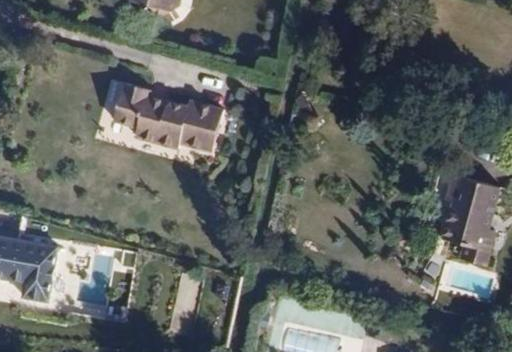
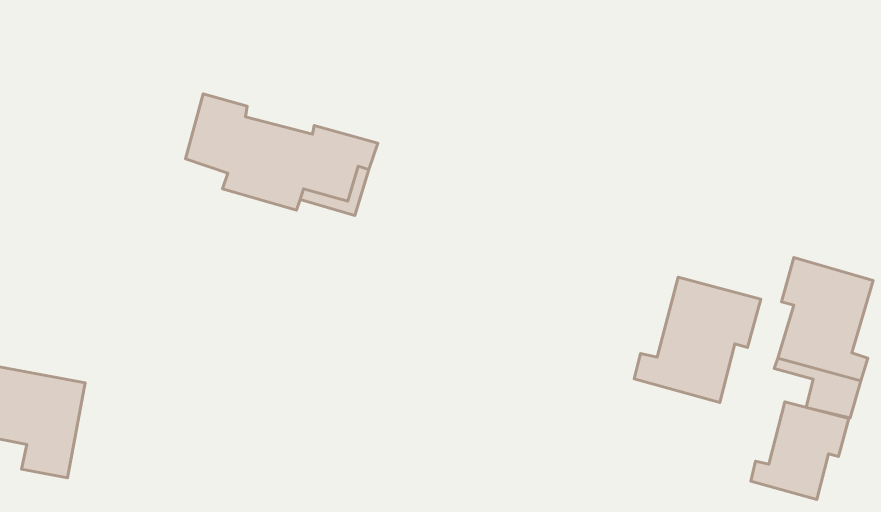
building: none -> [634,277,761,403]
building: none -> [751,402,849,500]

